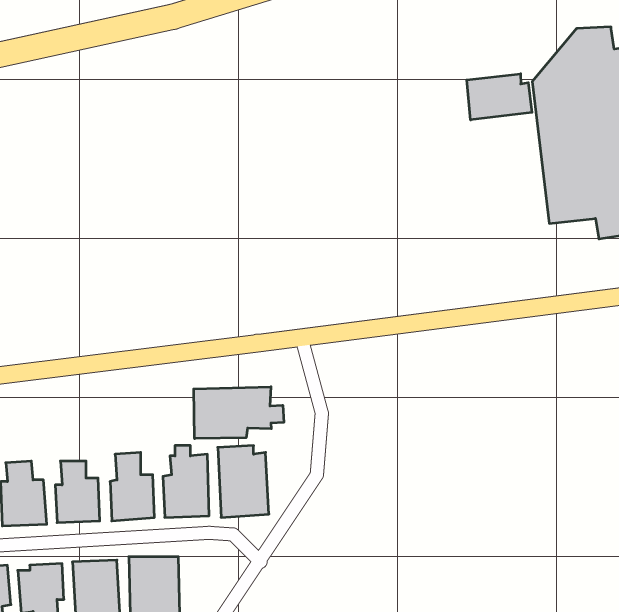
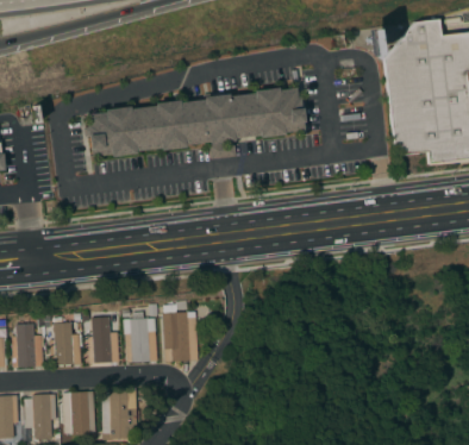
building: [467,74,532,120] -> none
building: none -> [87,88,304,158]
building: [194,387,284,439] -> none

